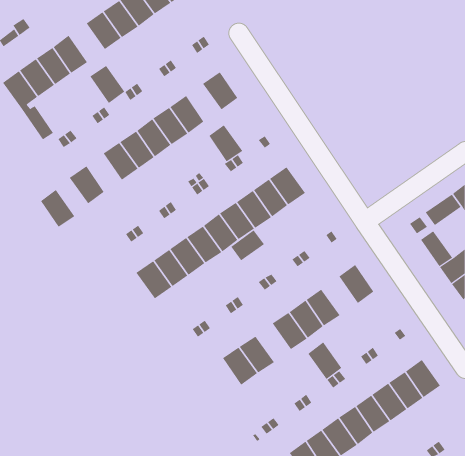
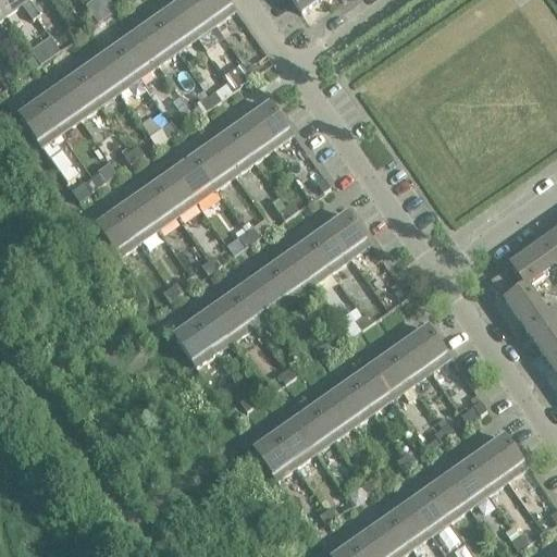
building: [90,65,125,104] -> [96,42,137,87]
building: [208,125,243,162] -> [232,112,272,156]
building: [40,189,75,228] -> [116,193,157,237]
building: [231,230,265,261] -> none
building: none -> [388,335,430,380]
building: [307,341,342,380] -> [312,389,352,434]
building: none -> [253,430,295,475]

